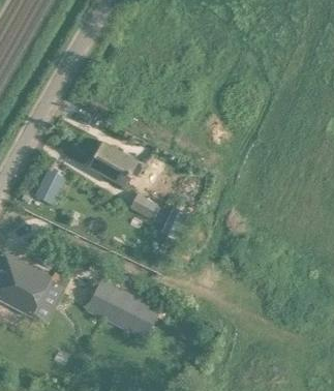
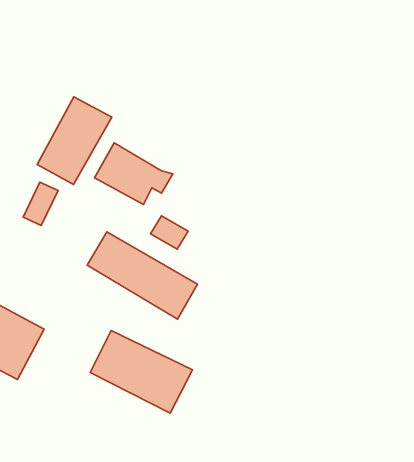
building: none -> [37,97,112,184]
building: none -> [87,232,197,319]

